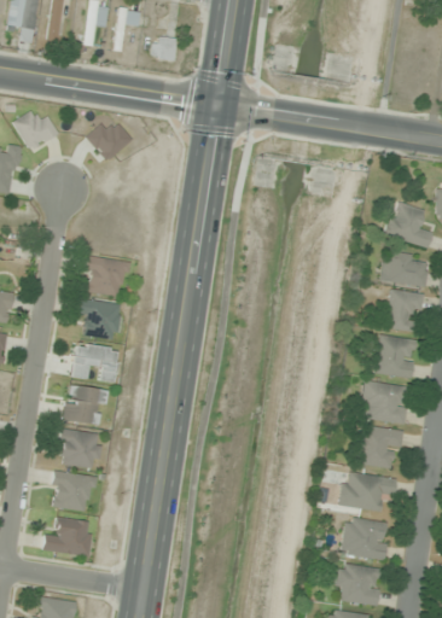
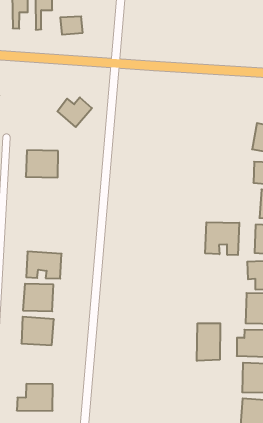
building: [86,123,132,162] -> [57,97,92,127]
building: [82,257,128,297] -> [26,150,58,177]
building: [77,298,121,340] -> none
building: none -> [205,222,239,255]
building: none -> [197,323,220,361]
building: [50,471,94,512] -> none

